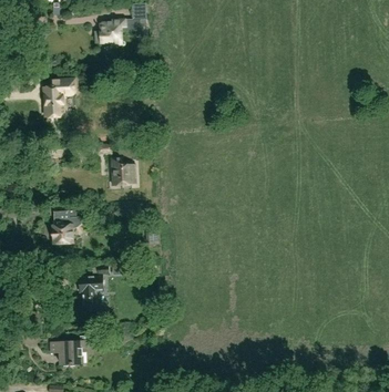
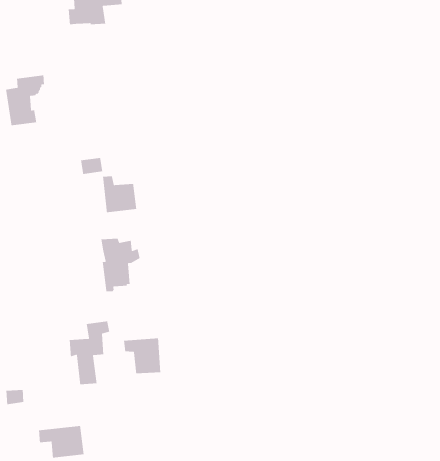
building: [52,207,81,247] -> [100,238,140,292]
building: none -> [123,338,161,374]

